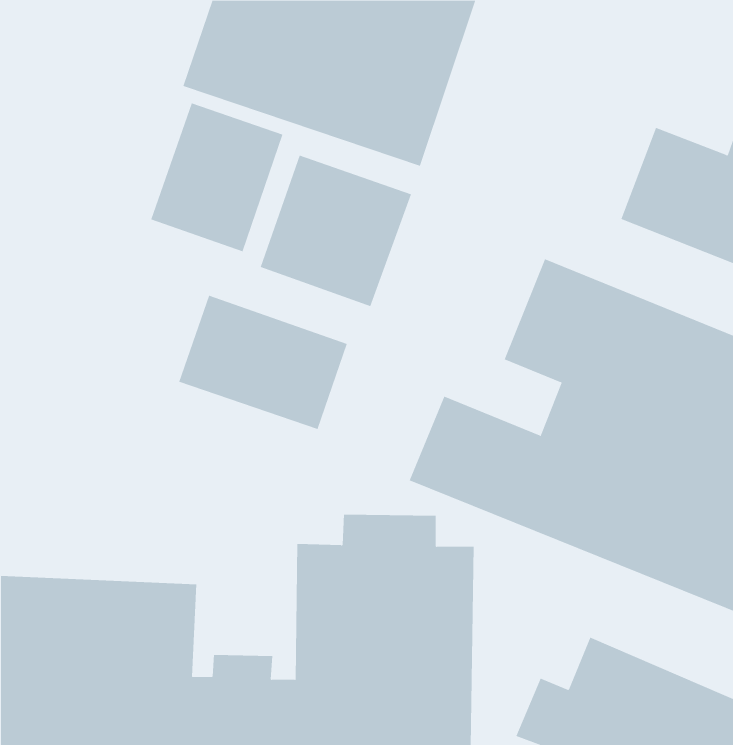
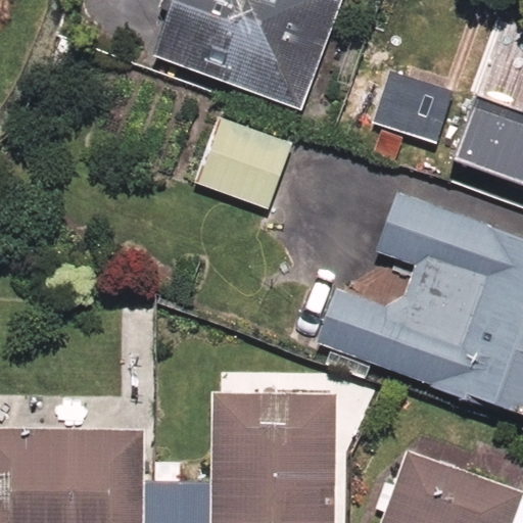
building: [151,103,283,252] -> none
building: [178,295,347,430] -> none

